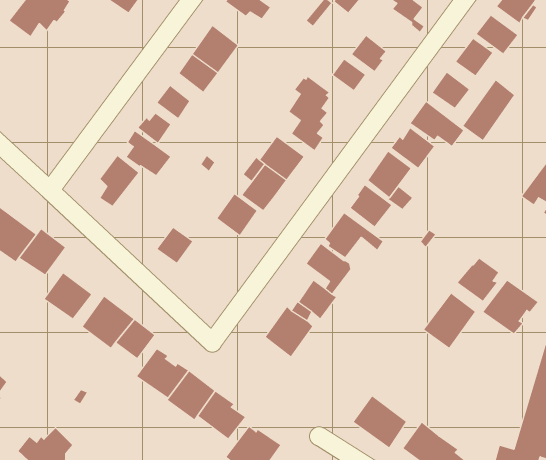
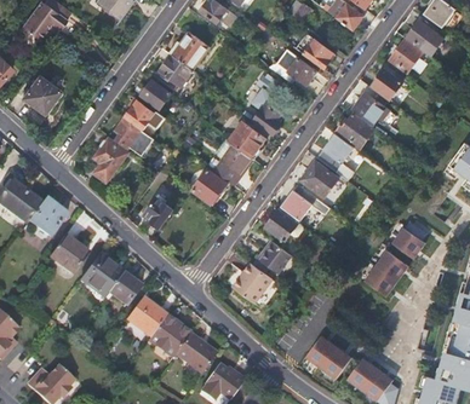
building: [462,79,515,141] -> none
building: none -> [24,75,61,112]
building: [483,280,539,334] -> none

